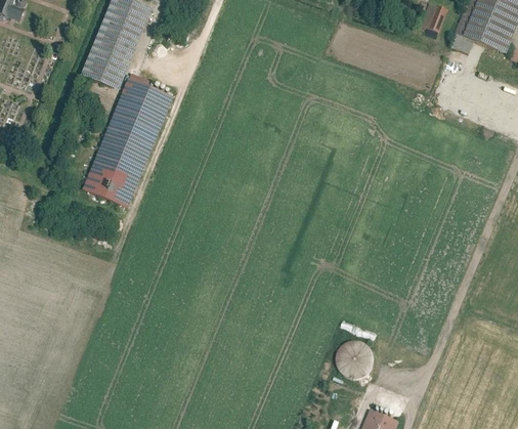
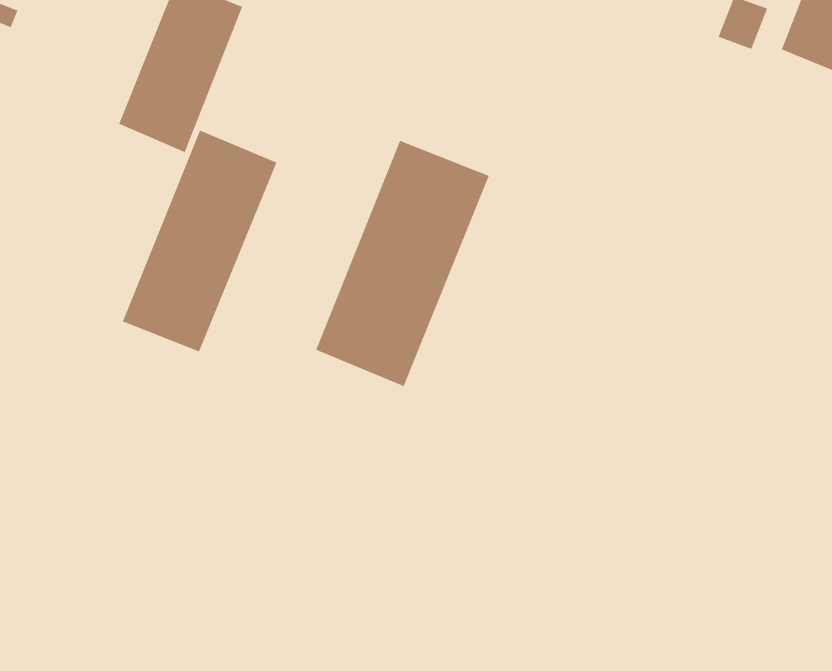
building: none -> [315,140,490,387]
building: [330,339,366,375] -> none

